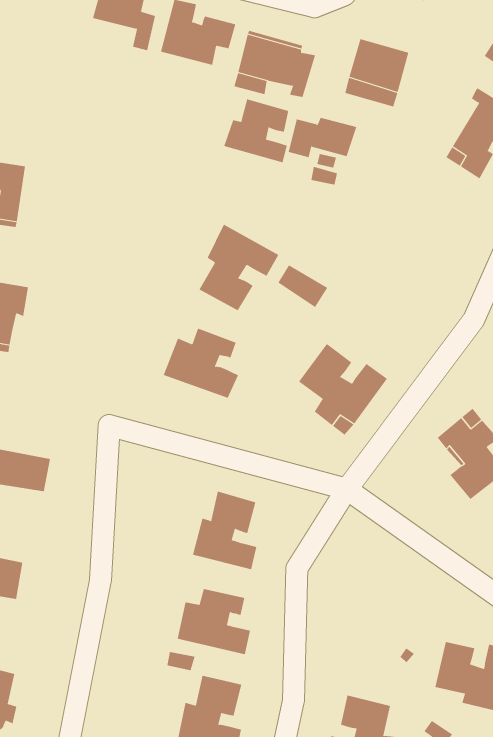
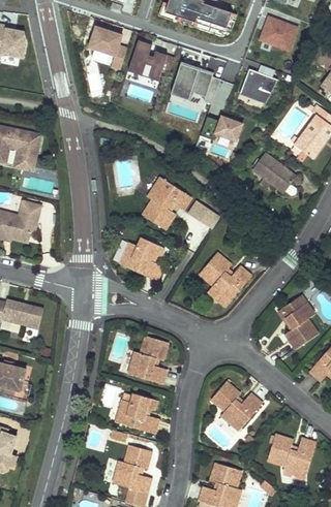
building: [223,99,289,163] -> none
building: none -> [254,153,297,192]
building: none -> [209,378,262,430]

